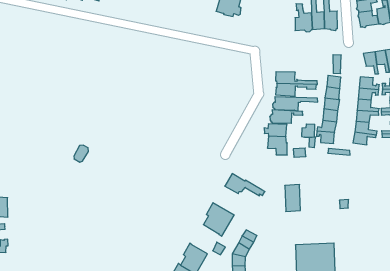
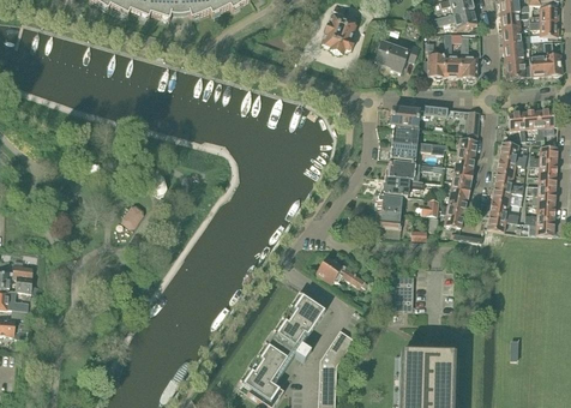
building: none -> [373,41,419,72]
building: none -> [389,106,453,127]
building: none -> [268,317,303,358]

